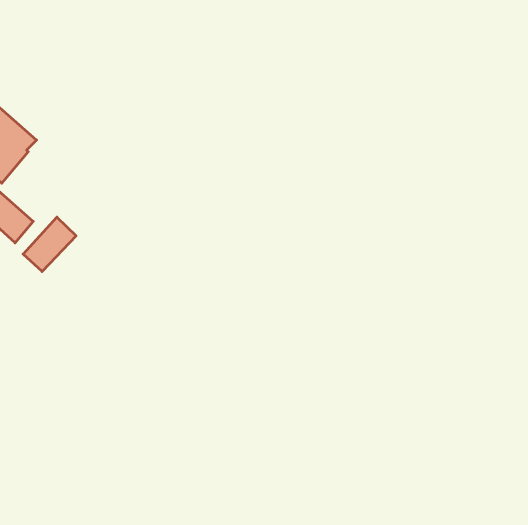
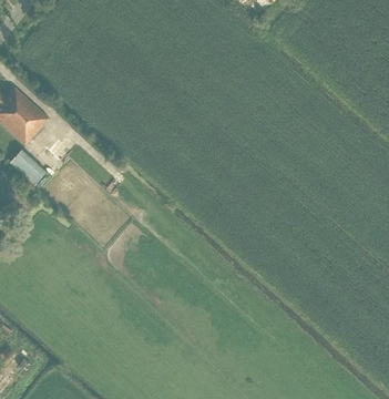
building: [23,217,76,272] -> none

